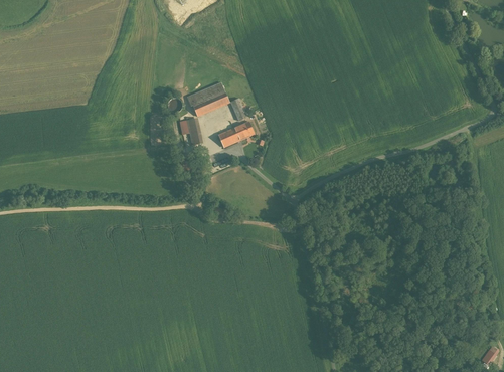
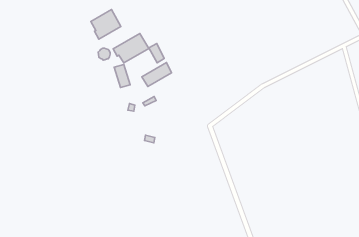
building: none -> [91,9,121,39]

